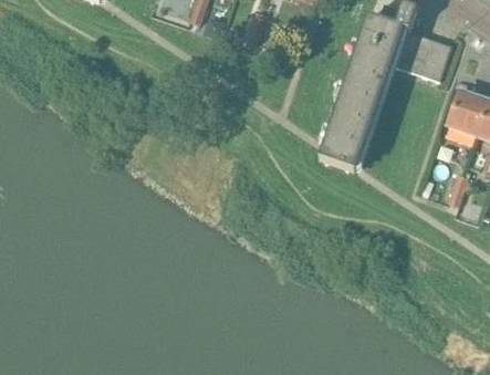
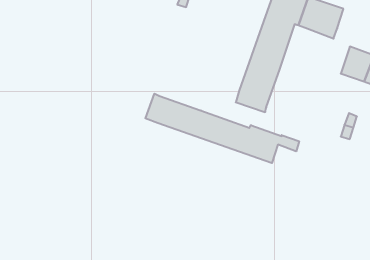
building: none -> [145,94,299,163]

